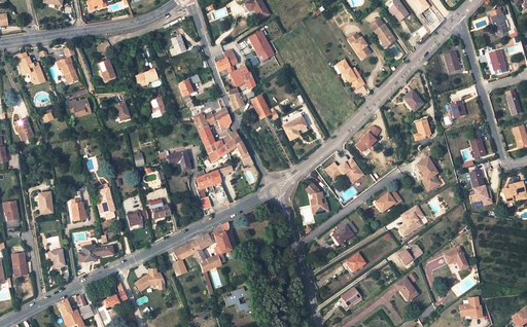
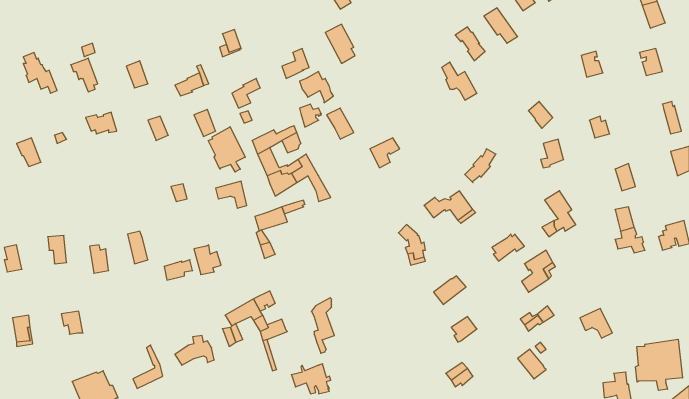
building: none -> [208,127,245,172]
building: [212,221,230,263] -> [311,298,334,353]
building: [77,244,112,261] -> none
building: none -> [636,339,682,390]

